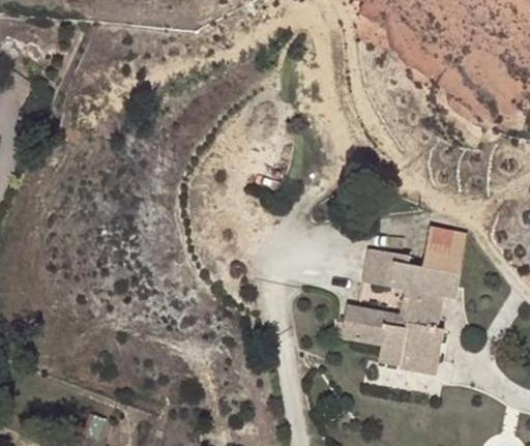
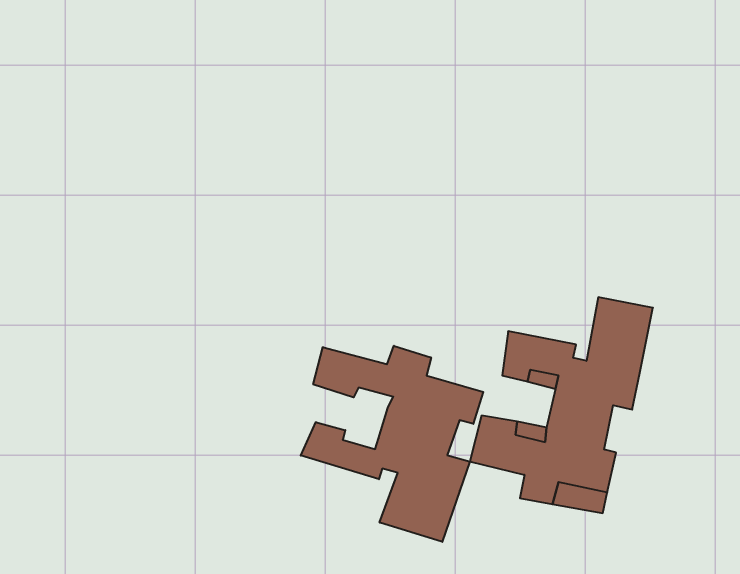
building: none -> [301,346,483,542]

